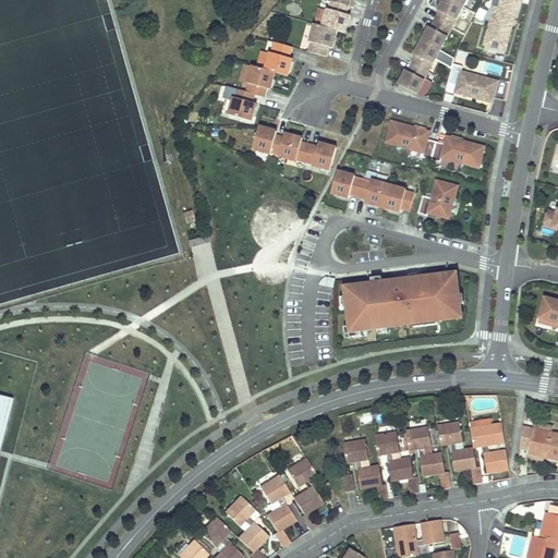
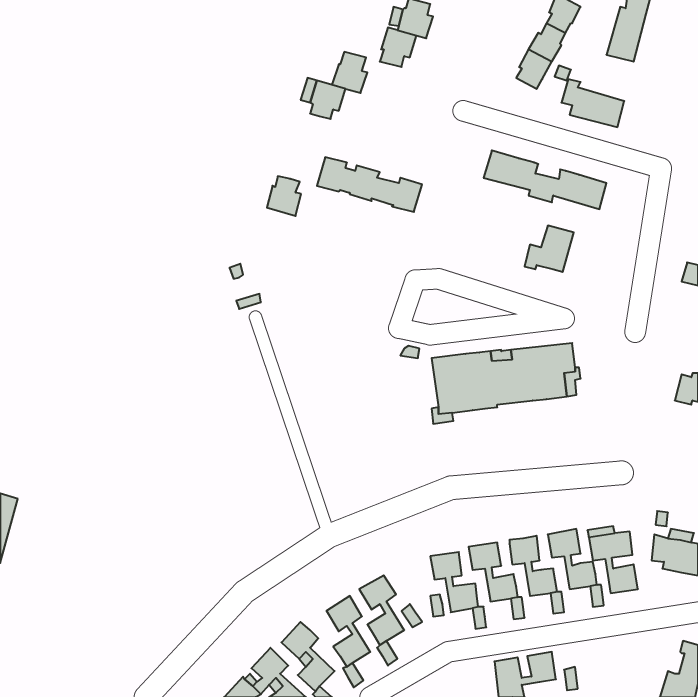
building: [399,62,428,94] -> none
building: [229,88,256,120] -> [267,176,301,216]
building: [331,170,415,211] -> none

